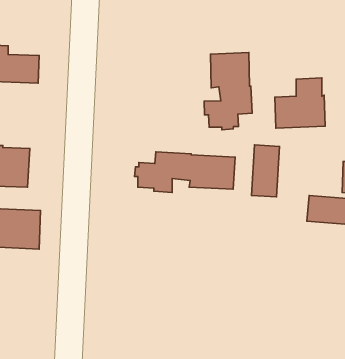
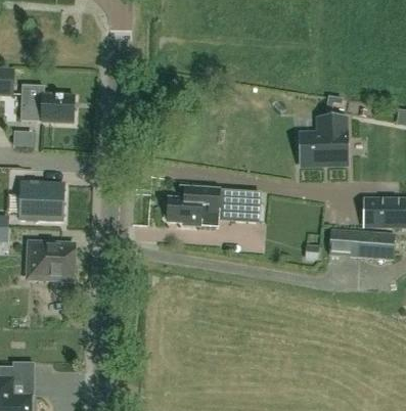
building: [204,52,252,130] -> none
building: [252,145,280,197] -> none

